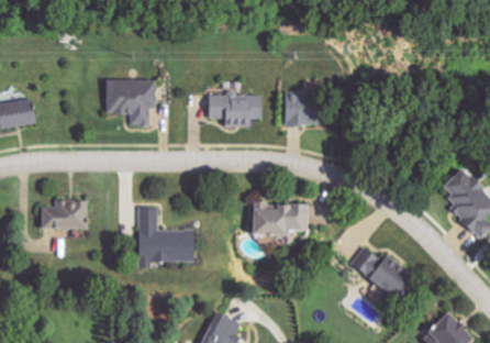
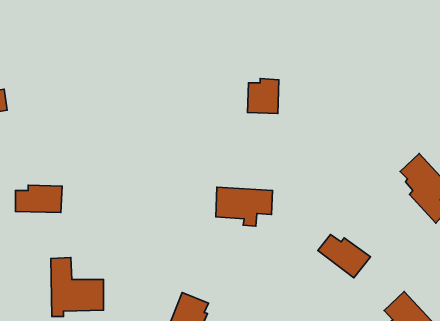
building: [105,79,156,125] -> none
building: [207,97,264,125] -> none
building: [137,207,192,268] -> [51,257,103,316]

